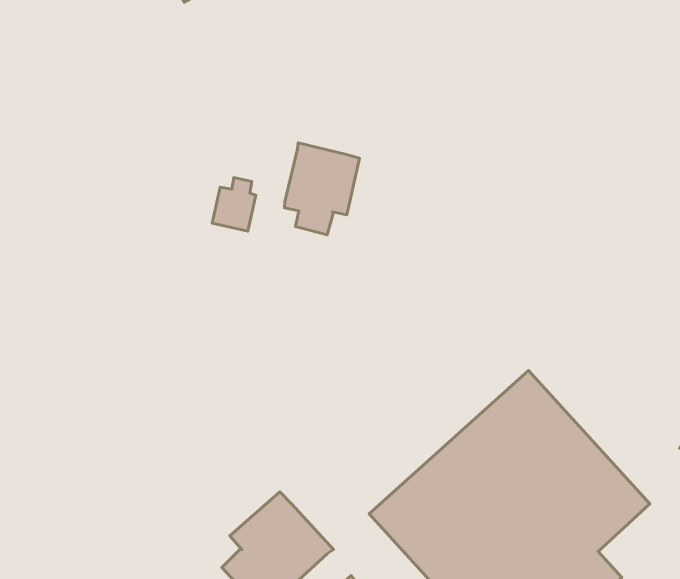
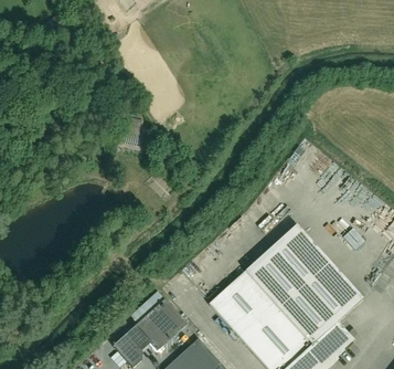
building: [284,143,359,235] -> none

